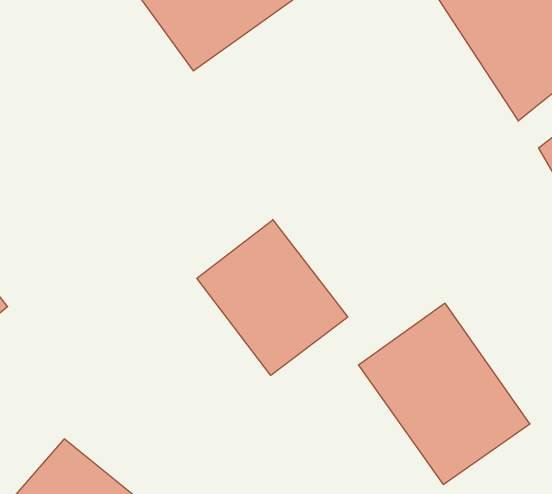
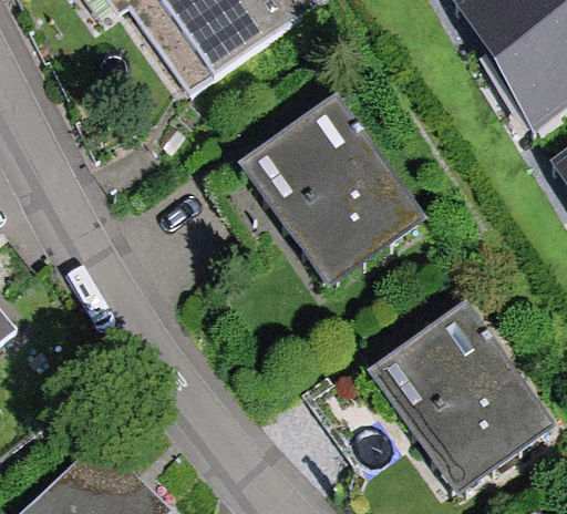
building: none -> [265,79,447,266]
building: [197,220,348,375] -> none

